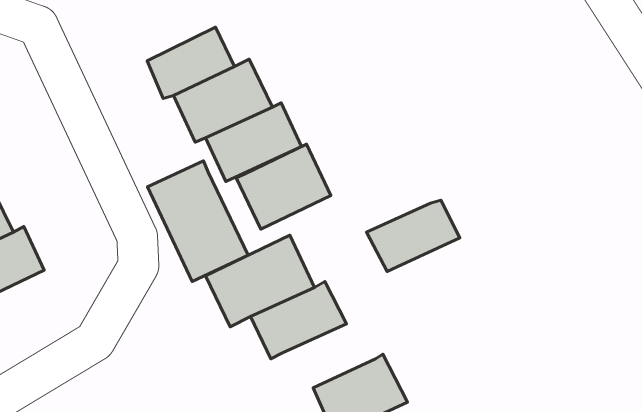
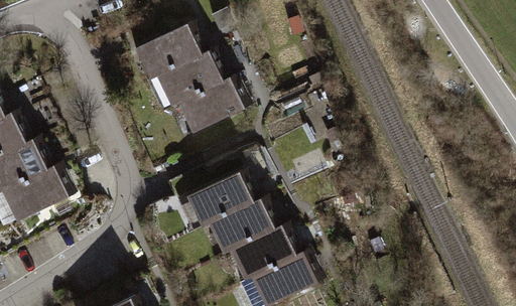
building: [236,144,331,229] -> none
building: [147,161,248,281] -> none
building: [367,200,460,271] -> [231,231,295,280]

